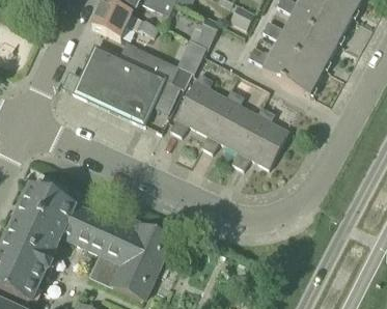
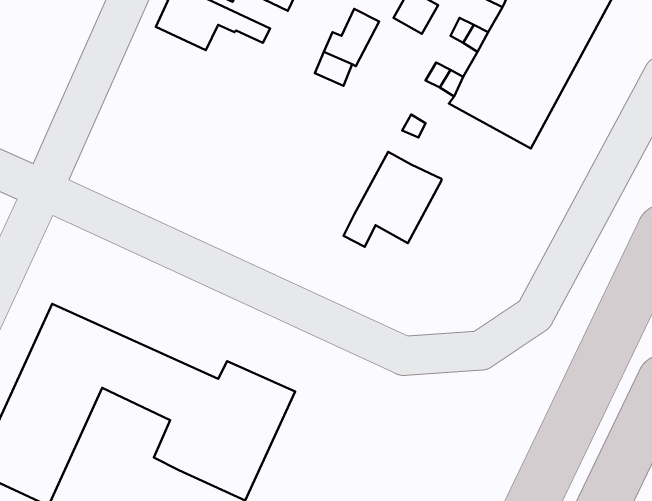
building: [74,40,192,123] -> none
building: [169,79,226,135] -> none
building: [231,113,289,168] -> none

